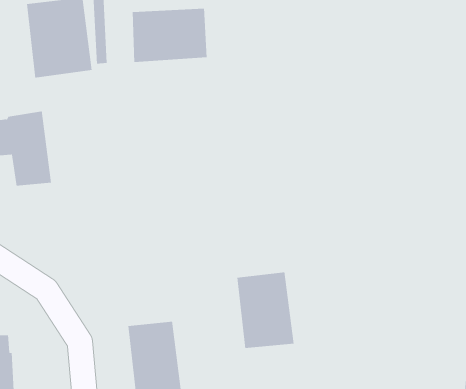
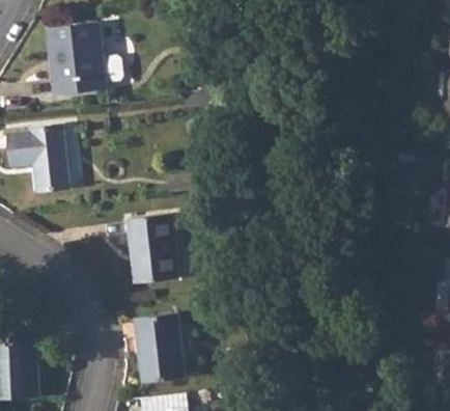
building: [132,8,207,63] -> none
building: [236,272,294,348] -> [126,214,178,282]

